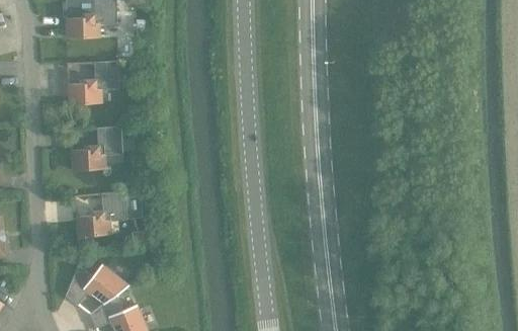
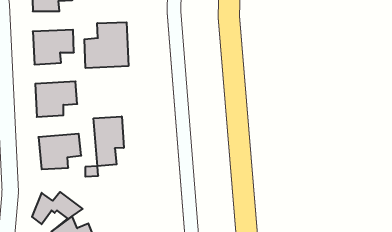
building: none -> [84,22,128,68]
building: none -> [94,116,124,166]

